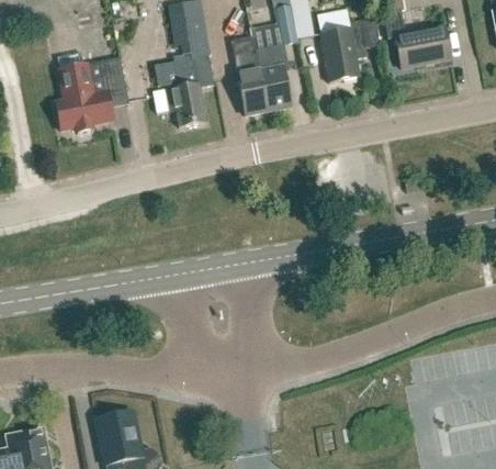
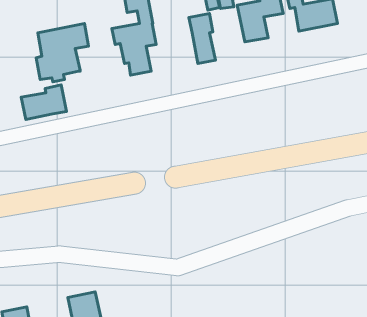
building: [230,35,268,114] -> none
building: none -> [21,85,66,119]

